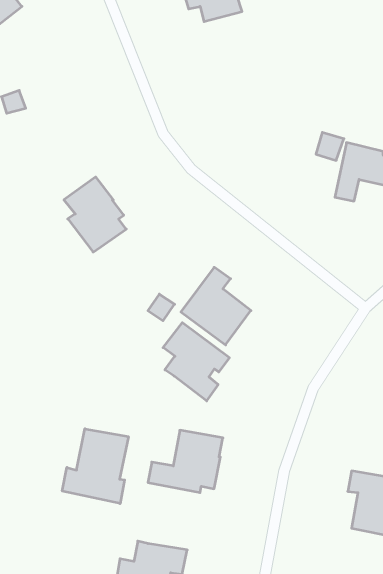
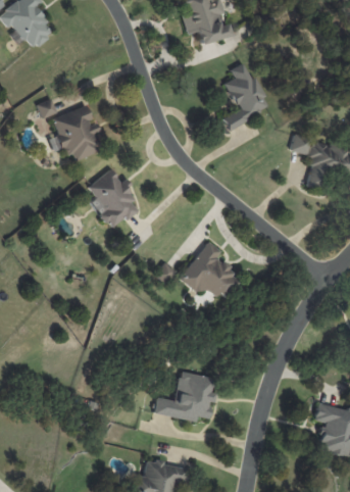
building: none -> [221,61,267,127]
building: none -> [48,104,101,160]
building: [163,323,229,401] -> none
building: [62,429,128,504] -> none

